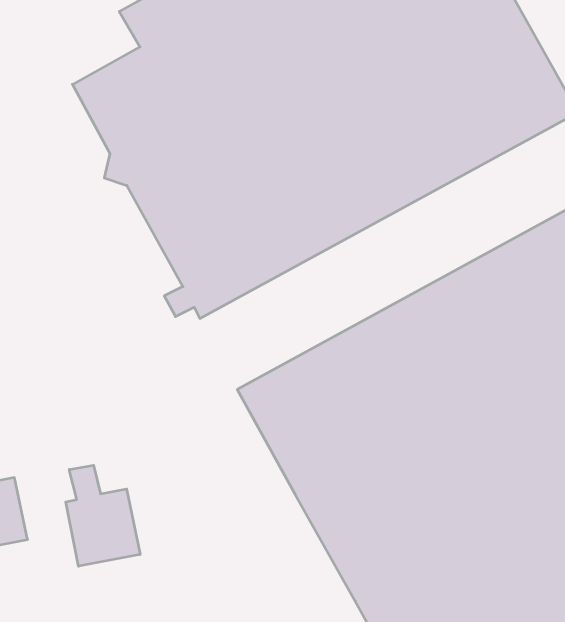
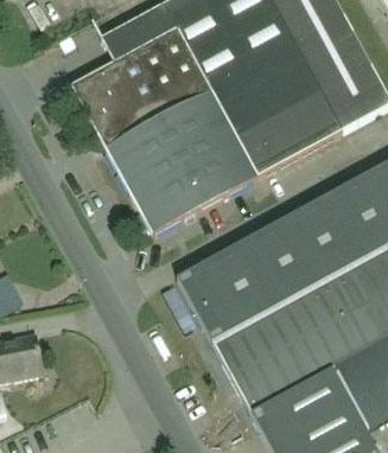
building: [66,465,140,566] -> none

